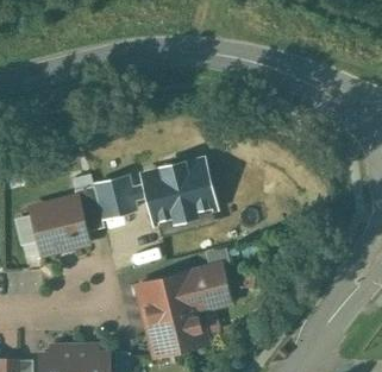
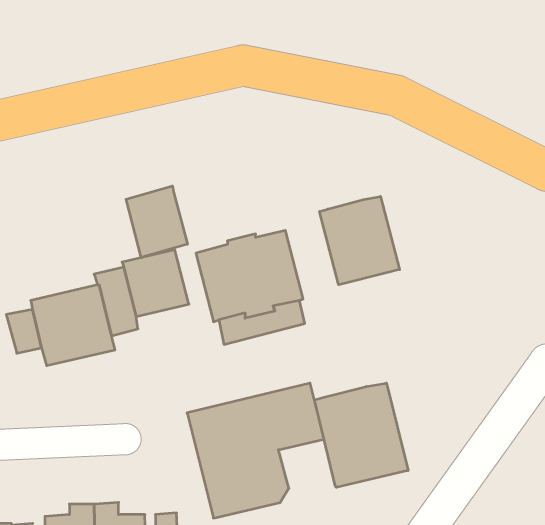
building: none -> [126,186,187,258]
building: none -> [320,196,400,285]
building: none -> [315,383,408,487]

